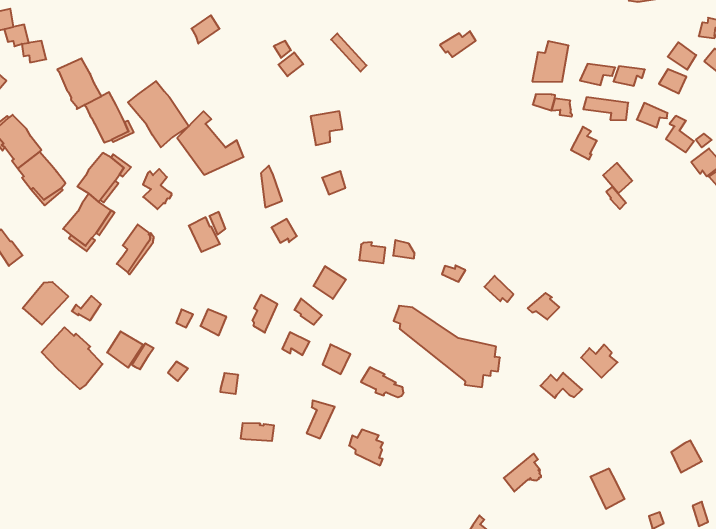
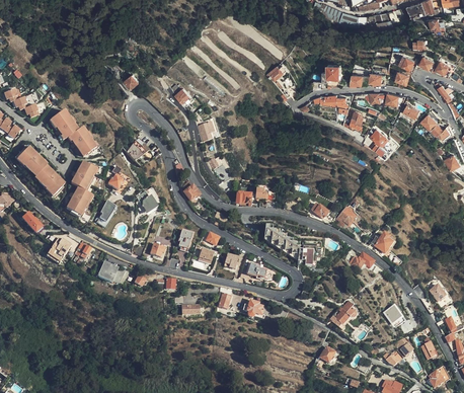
building: [128,81,189,147] -> none
building: [42,327,103,389] -> none

